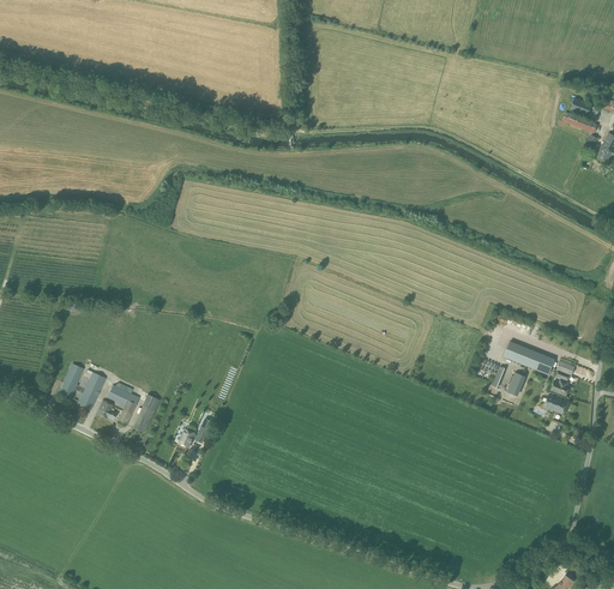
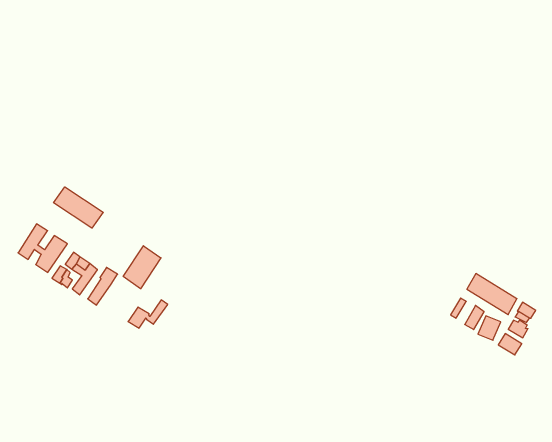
building: none -> [54,187,103,228]
building: none -> [123,246,161,289]

